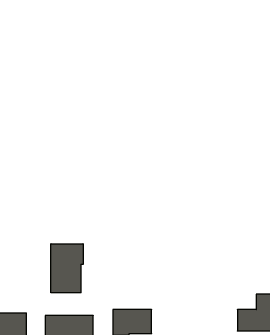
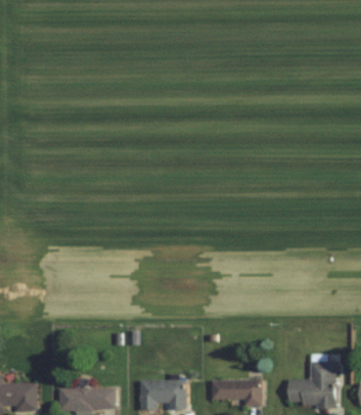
building: [51,244,83,293] -> none
building: none -> [211,379,261,405]

